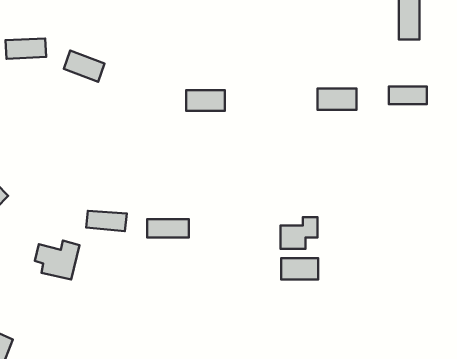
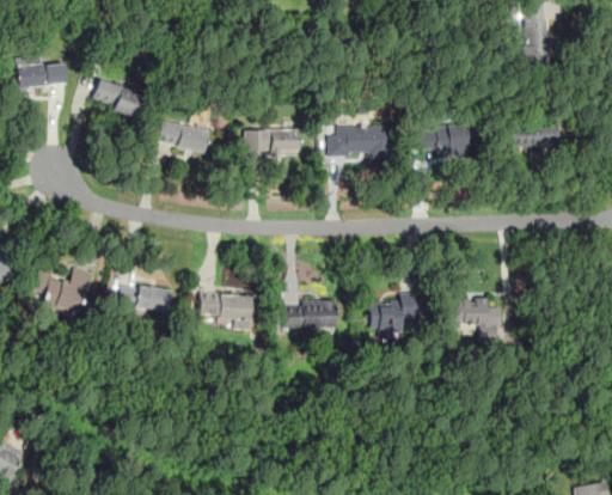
building: none -> [157,118,210,154]
building: none -> [331,124,392,157]
building: none -> [452,299,496,338]
building: [35,240,79,279] -> [35,265,92,316]
building: [281,258,318,279] -> [289,300,337,328]

